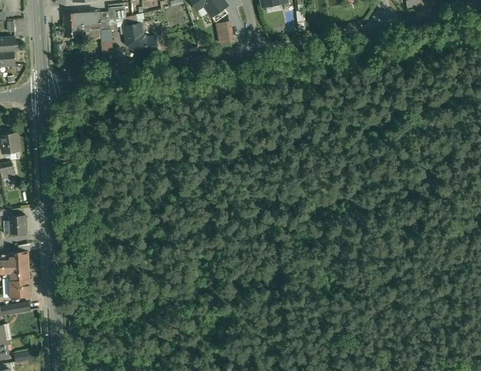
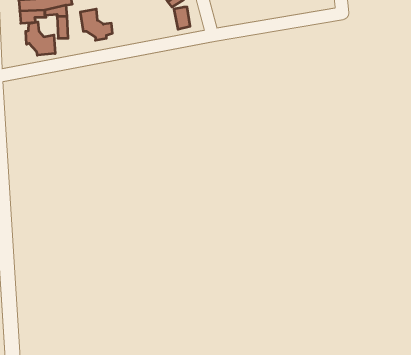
building: none -> [26,22,55,55]

